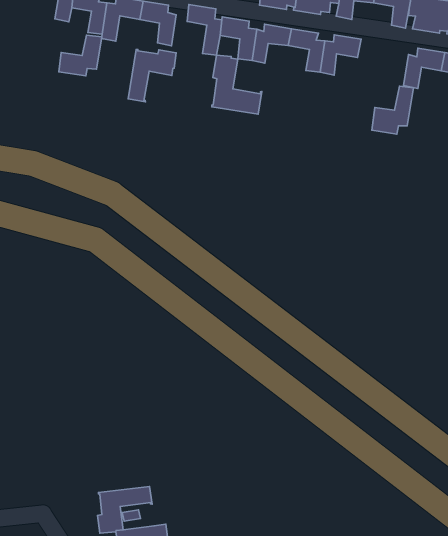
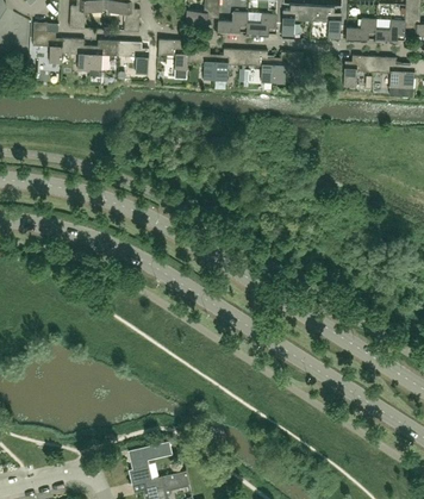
building: [59,35,102,76] -> none
building: [128,50,176,102] -> none
building: [212,55,262,114] -> none
building: [372,86,414,134] -> none

